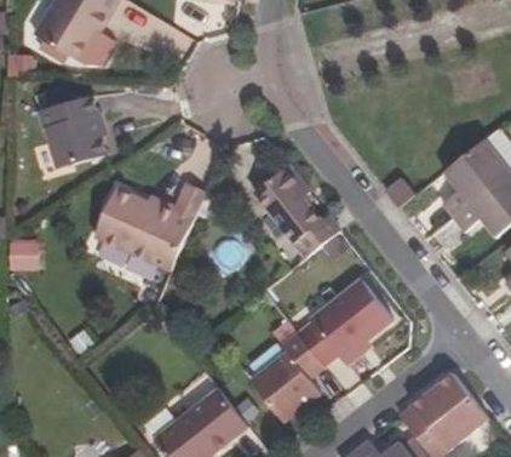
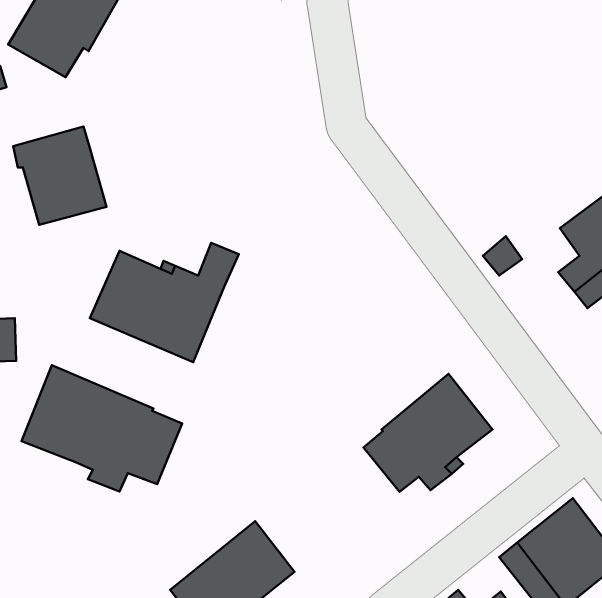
building: [254,166,338,257] -> none
building: none -> [22,365,182,491]
building: [251,333,323,422] -> none

